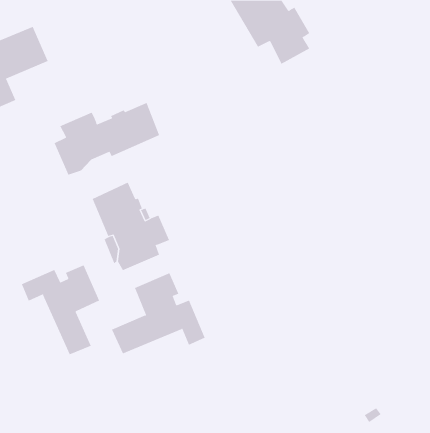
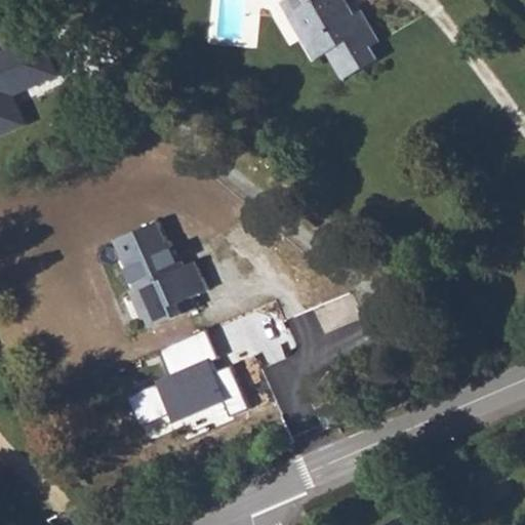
building: [54,102,160,176] -> none
building: [21,264,100,355] -> none

